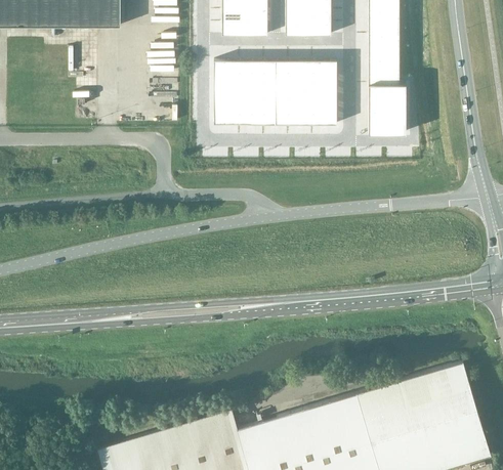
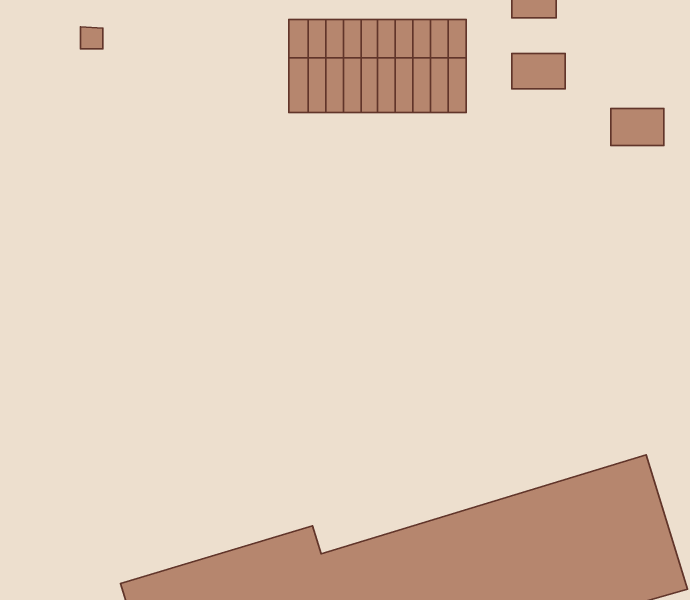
building: [368,58,399,83] -> none
building: [368,108,405,133] -> [611,109,664,145]

